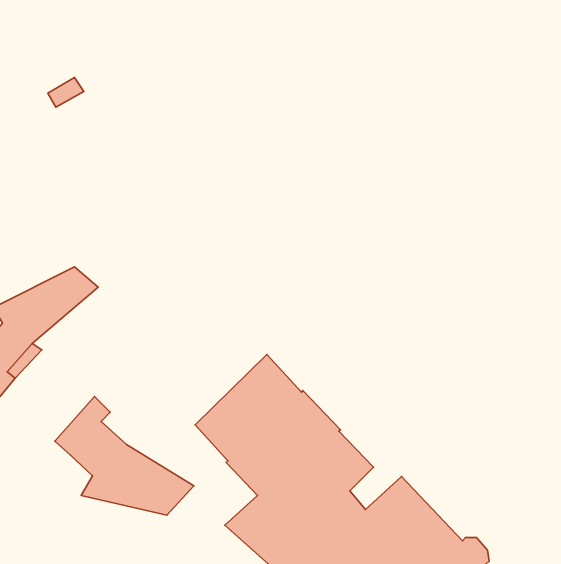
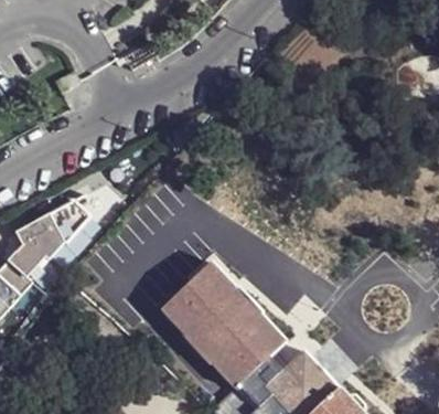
building: [55,397,194,515] -> none

